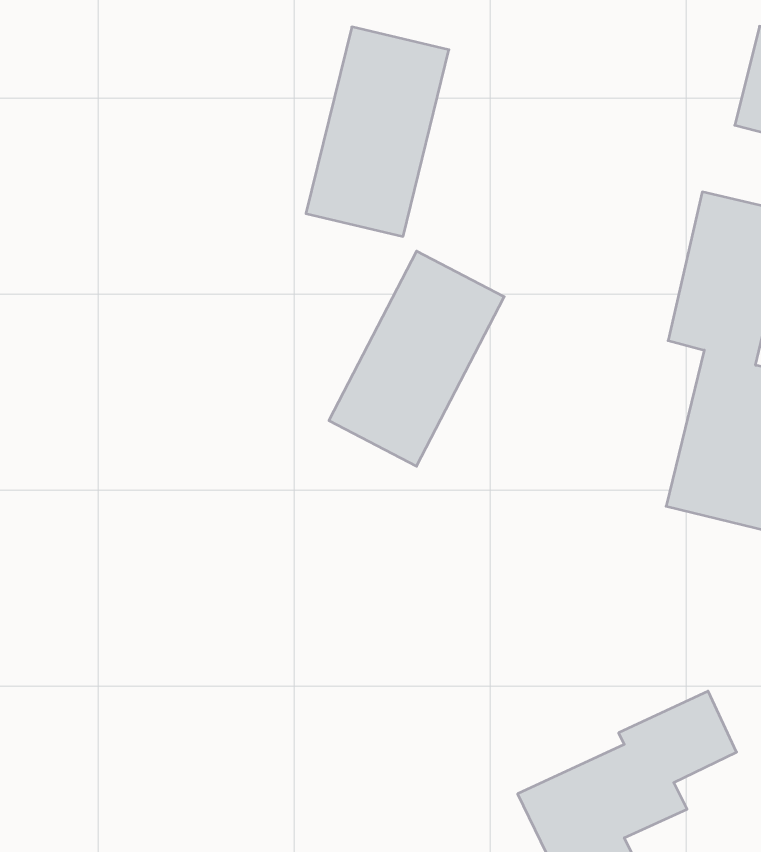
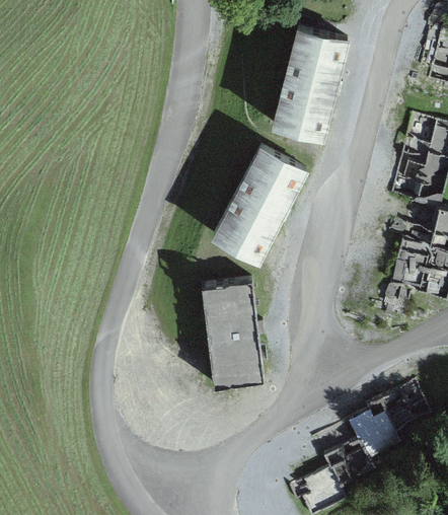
building: [306,27,449,236] -> [272,27,348,139]
building: none -> [202,281,264,384]

